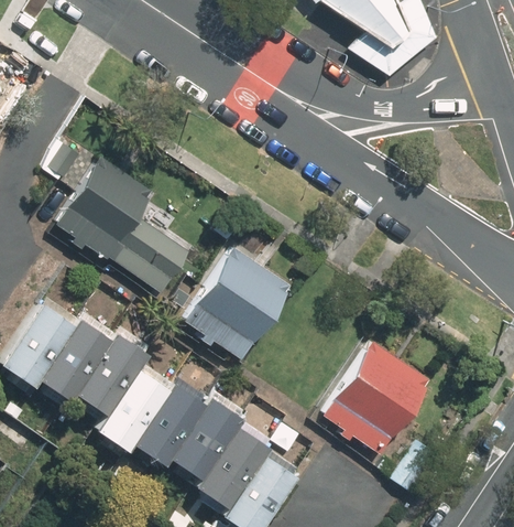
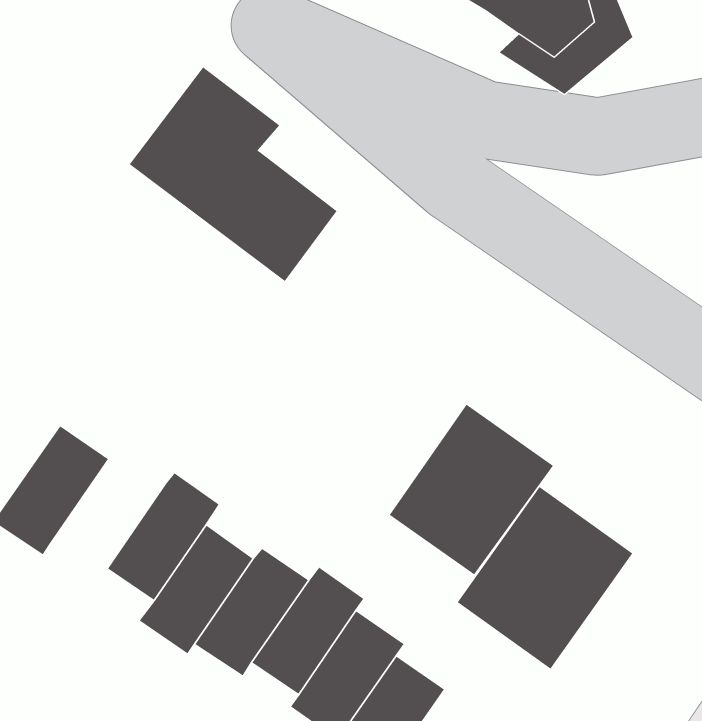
building: [57,161,194,302] -> [129,67,337,282]
building: [184,247,292,359] -> [389,404,554,575]
building: [44,318,120,402] -> none

